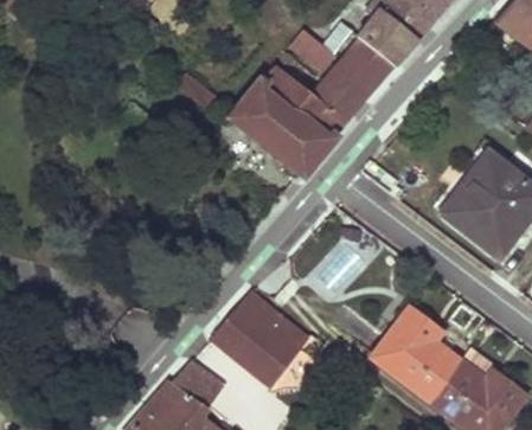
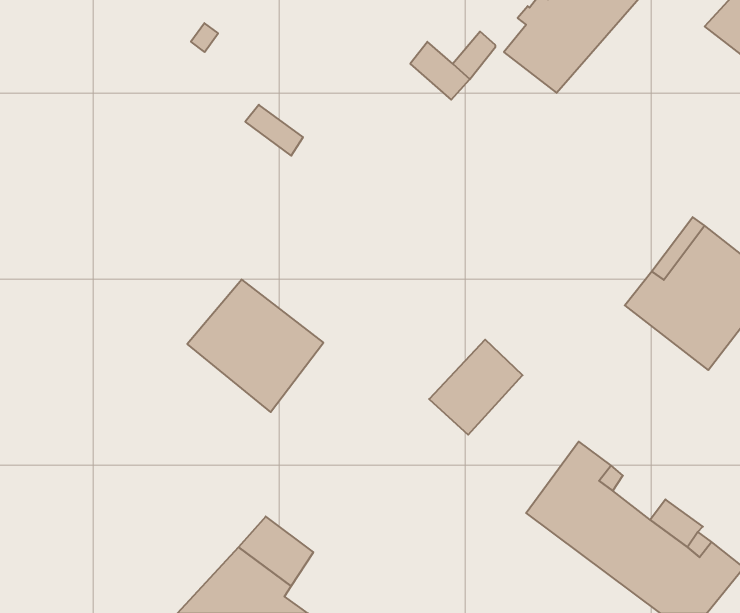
building: [235,37,393,171] -> none
building: [212,293,307,385] -> [187,279,323,412]

